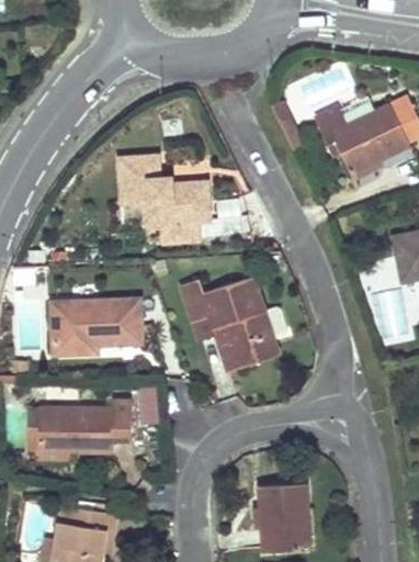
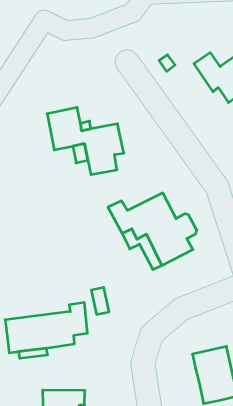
building: [52,300,139,355] -> none

